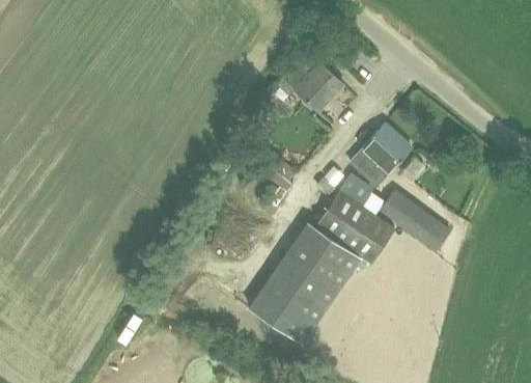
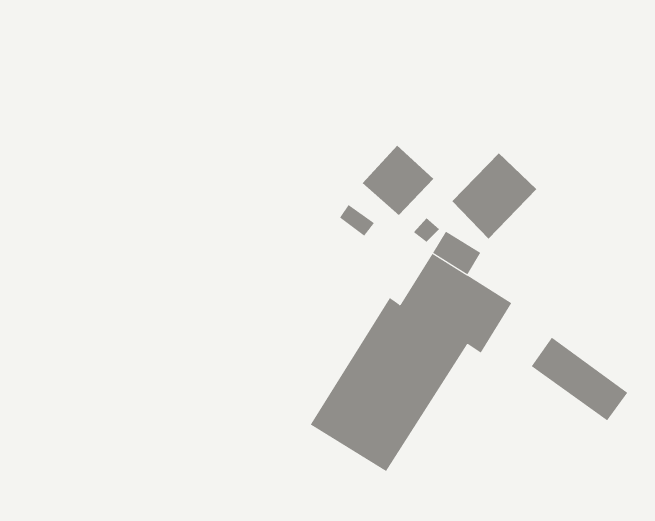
building: [295,60,345,110] -> [362,145,434,216]
building: [381,191,449,250] -> [531,337,628,421]

